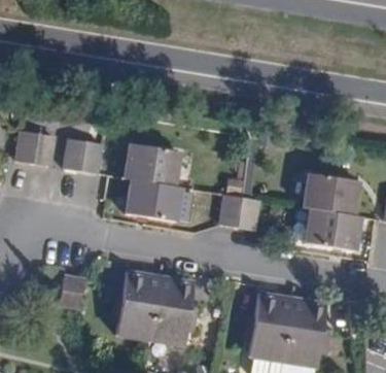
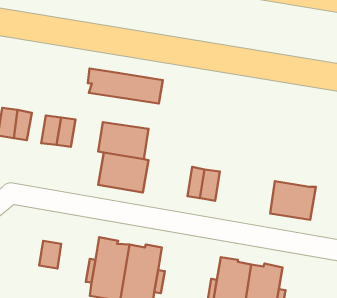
building: none -> [88,68,163,104]
building: [312,174,361,215] -> none

